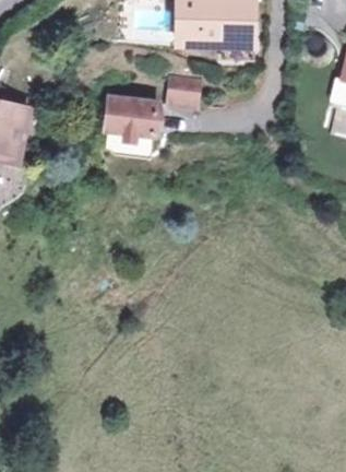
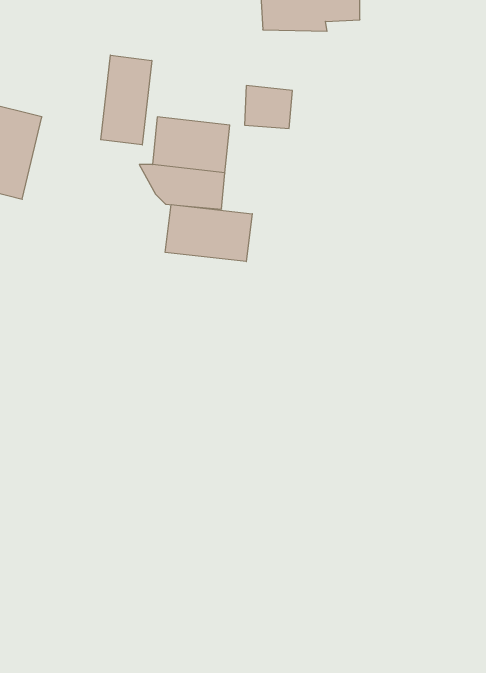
building: none -> [101,55,152,145]
building: none -> [165,205,252,262]

